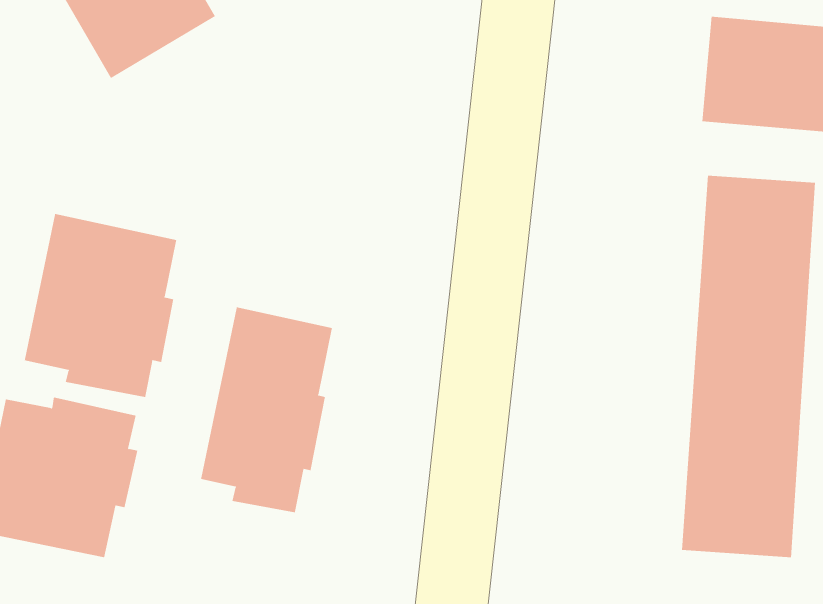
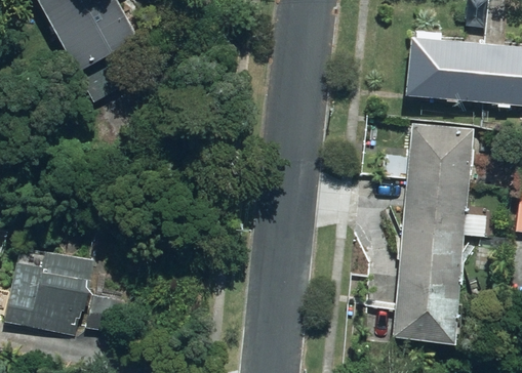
building: [24,213,177,398] -> none
building: [201,307,332,513] -> none

